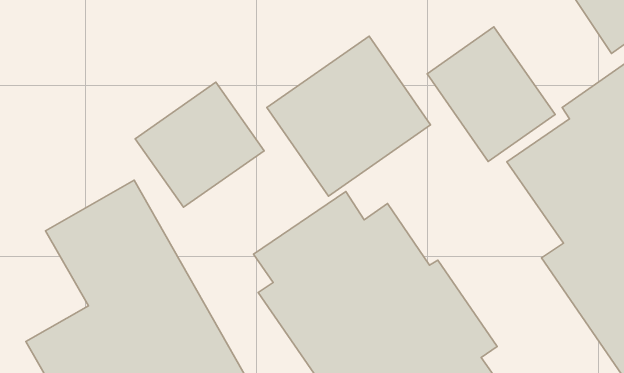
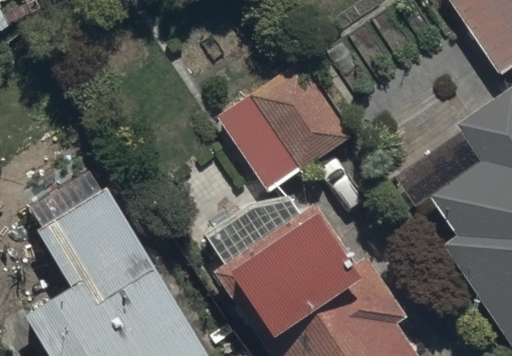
building: [427,27,555,162] -> none
building: [135,82,264,207] -> none

